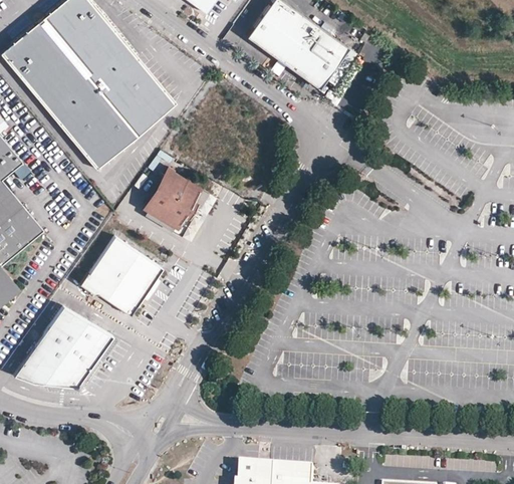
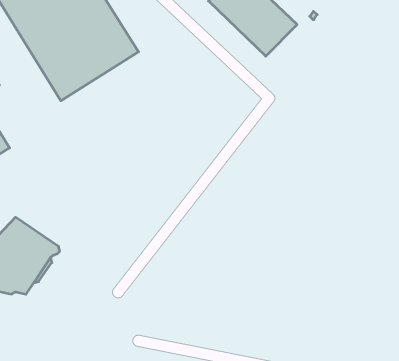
building: [146,168,197,226] -> none
building: [81,238,164,316] -> none

